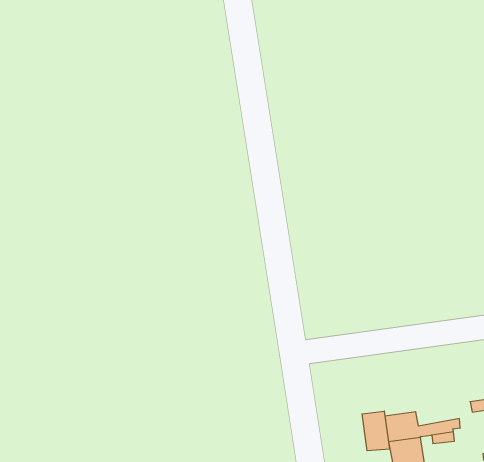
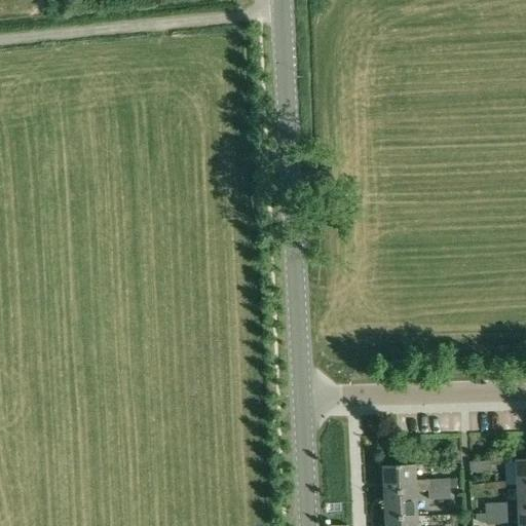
building: [362,411,390,451] -> none

